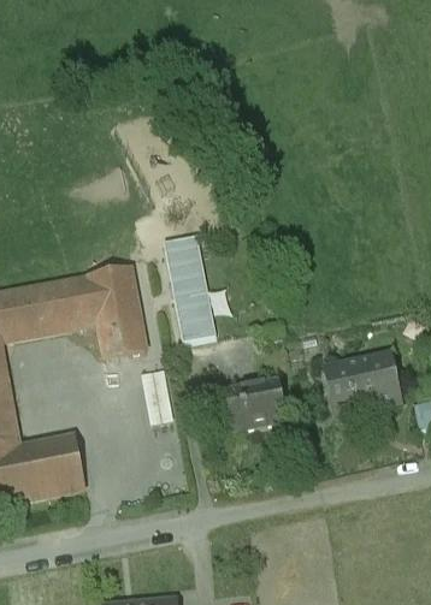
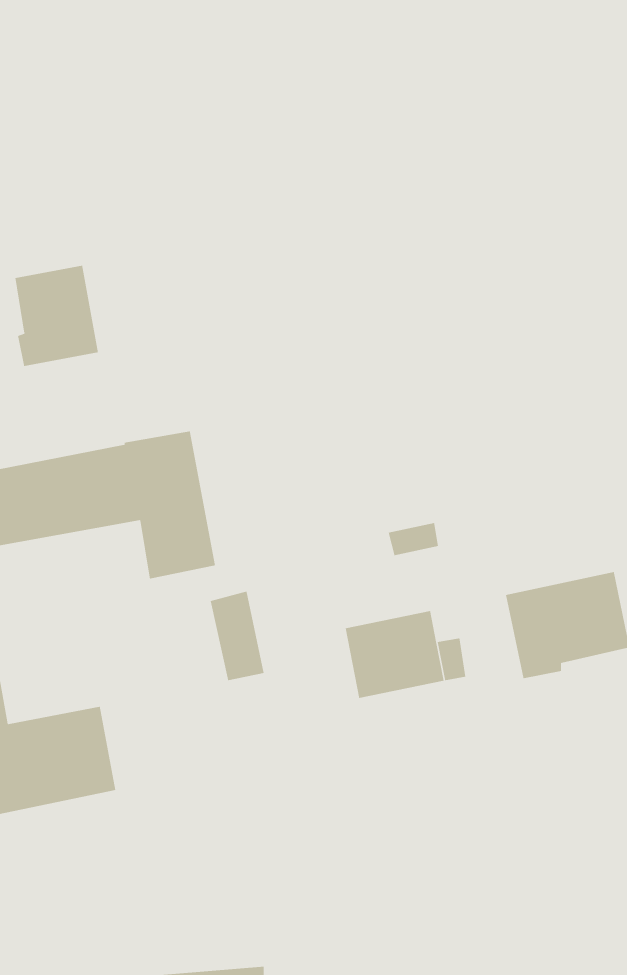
building: none -> [15,265,99,367]
building: [166,232,216,339] -> none

